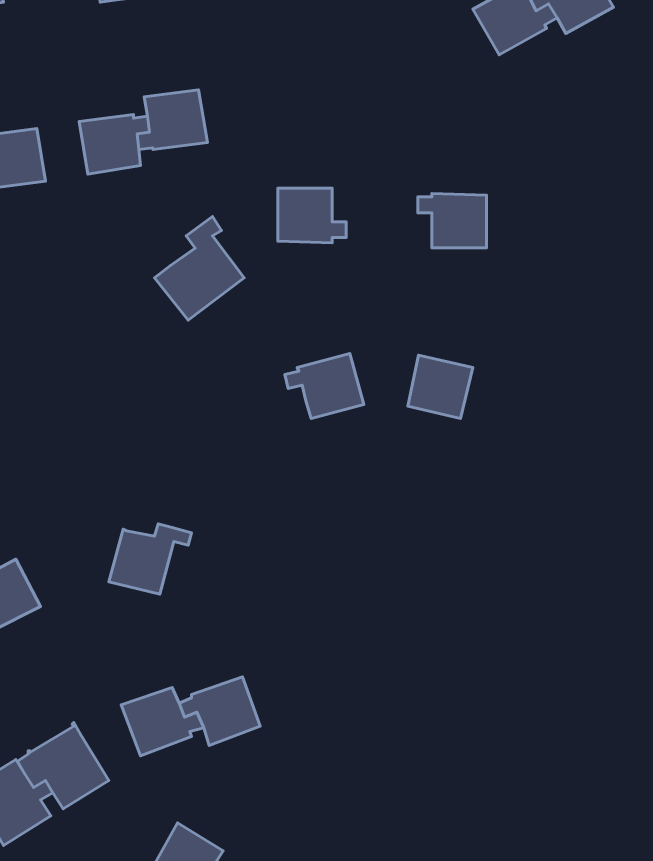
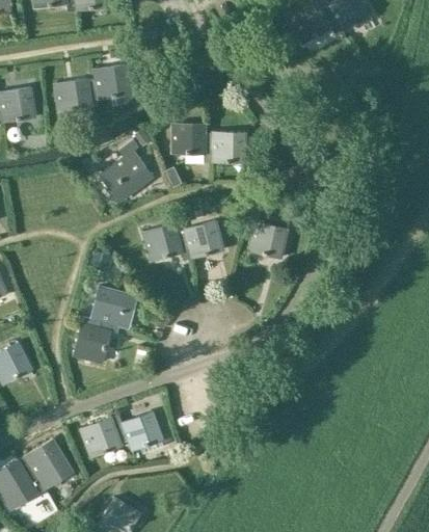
building: [418,193,486,248] -> [205,130,245,162]
building: none -> [143,222,189,261]
building: none -> [83,286,129,327]

